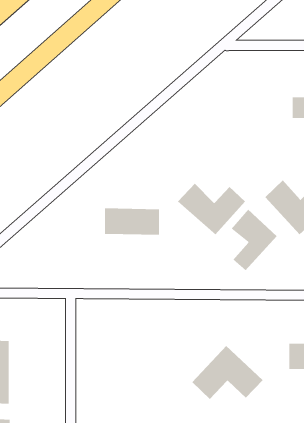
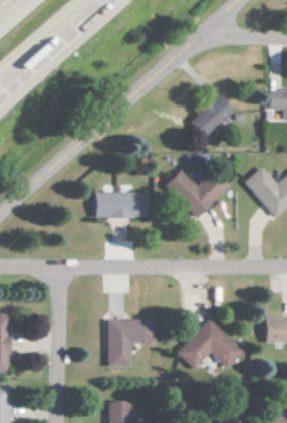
building: none -> [191,94,232,137]
building: [231,209,278,271] -> none
building: none -> [107,322,153,366]

